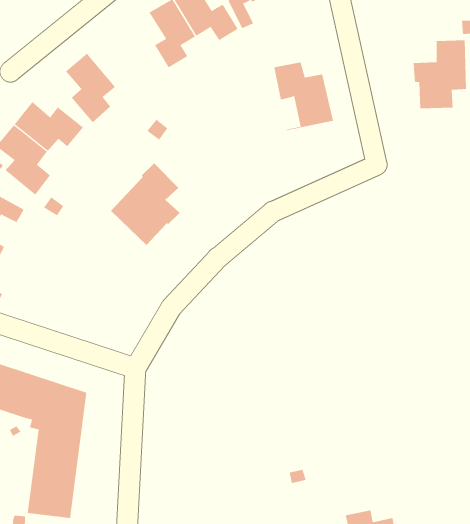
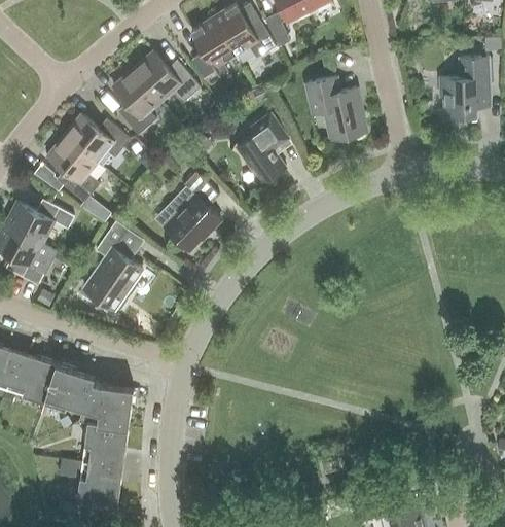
building: none -> [133,51,200,103]
building: none -> [236,113,288,184]
building: none -> [84,221,143,310]

